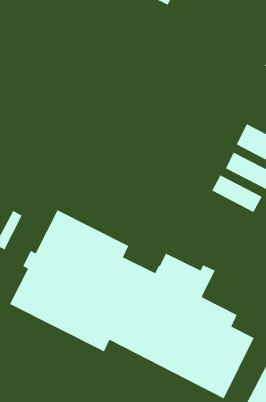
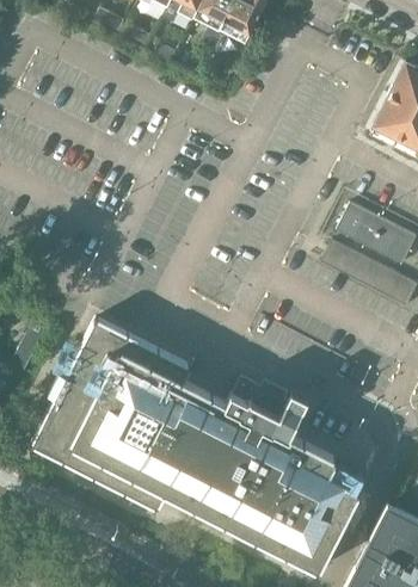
building: [211,175,262,213] -> none

